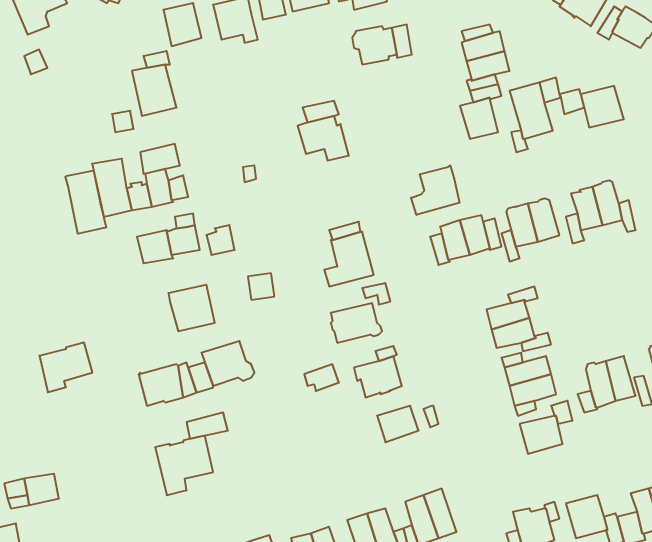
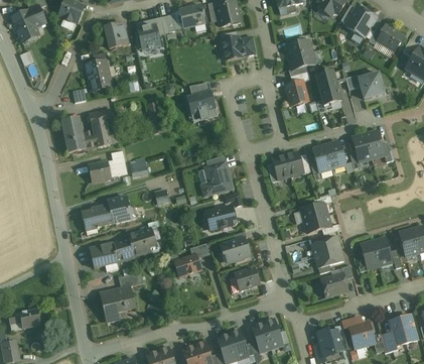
building: [411,165,459,215] -> none
building: [65,171,106,234] -> none
building: [39,343,92,392] -> [82,204,114,234]
building: none -> [174,254,201,276]

